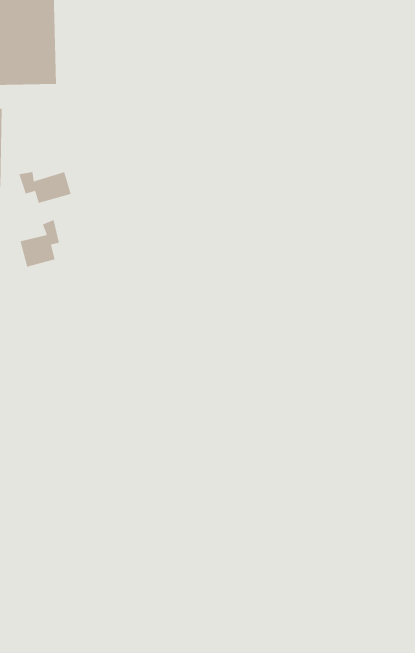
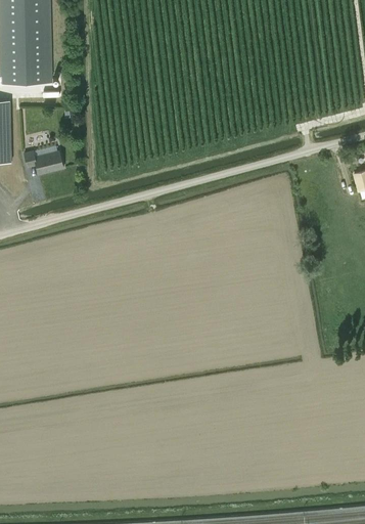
building: [20,219,59,268] -> none

